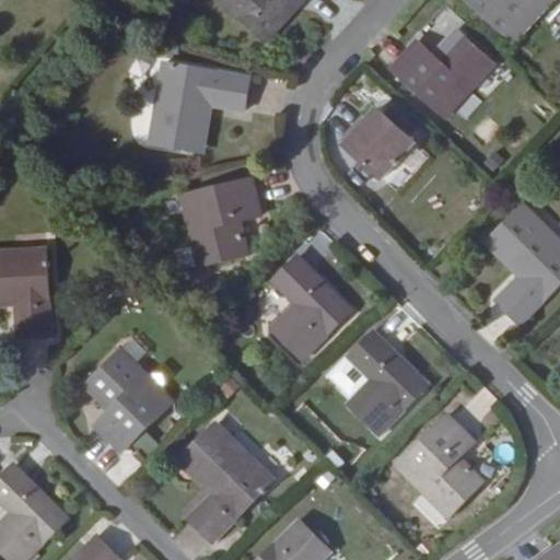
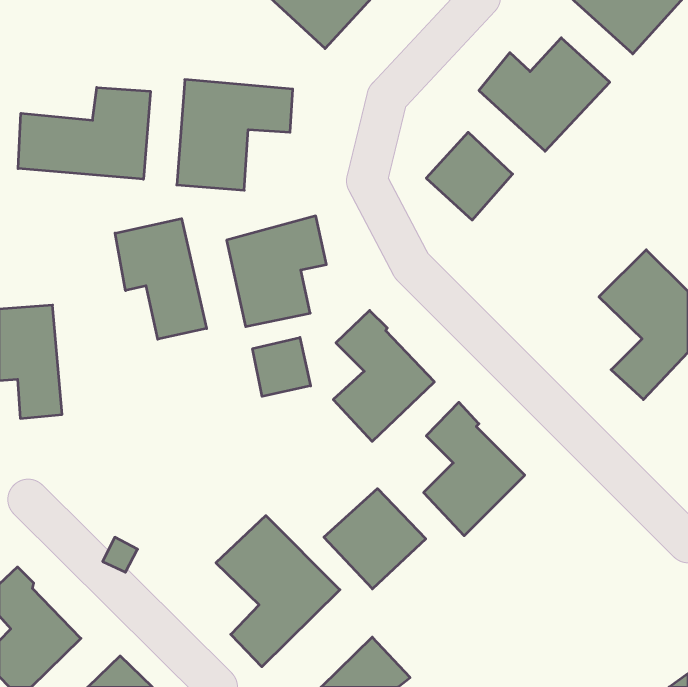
building: none -> [18,87,150,179]
building: none -> [115,219,207,339]
building: none -> [253,337,311,396]
building: [83,347,175,453] -> none
building: none -> [324,489,426,589]
building: [398,413,487,517] -> none

